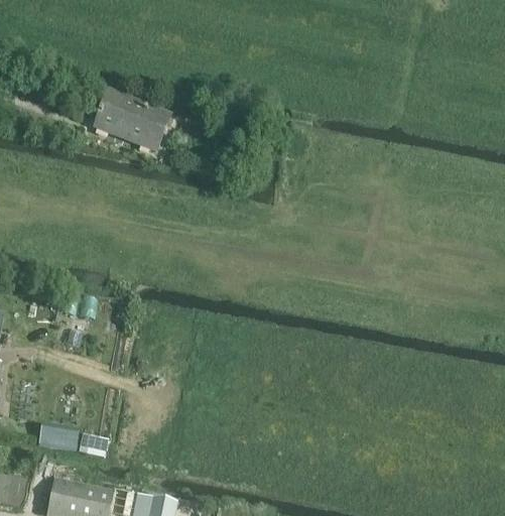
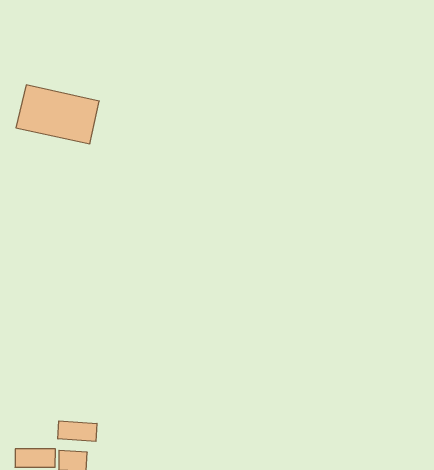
building: none -> [58,421,97,441]

